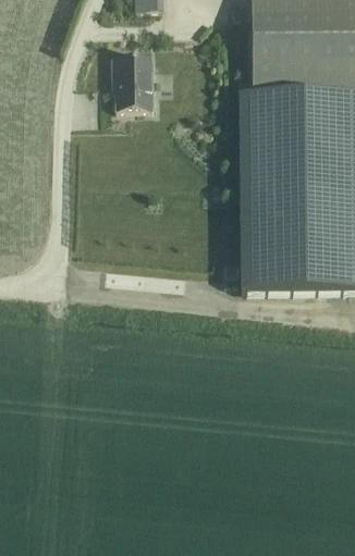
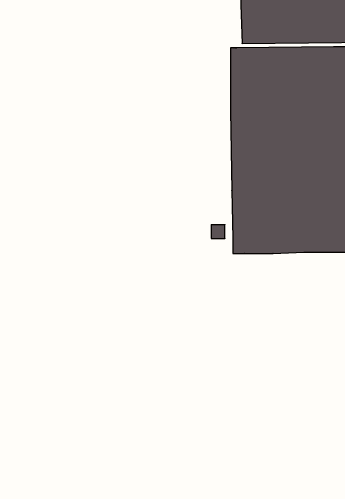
building: [113,55,154,109] -> none

